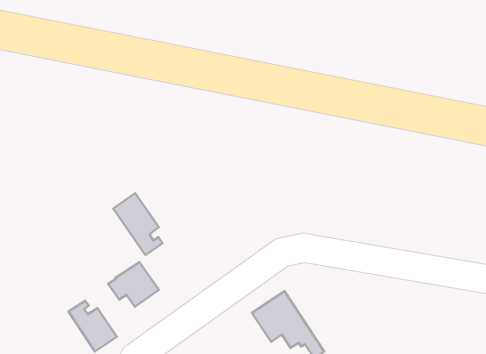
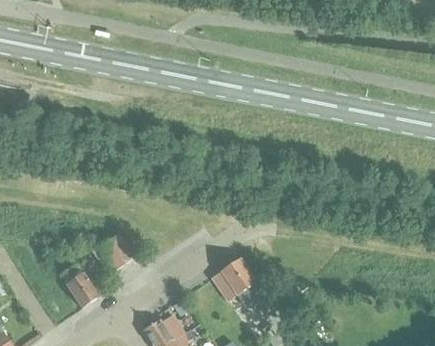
building: [113,193,162,255] -> none

